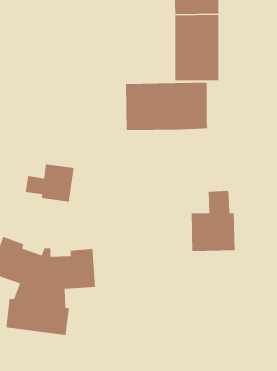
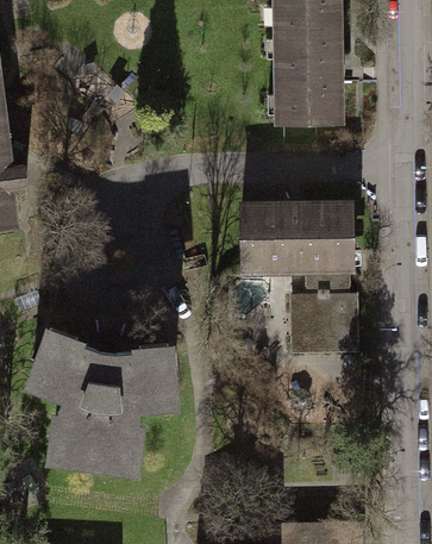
building: [125,82,208,131] -> [244,206,355,271]
building: [25,163,74,203] -> none

